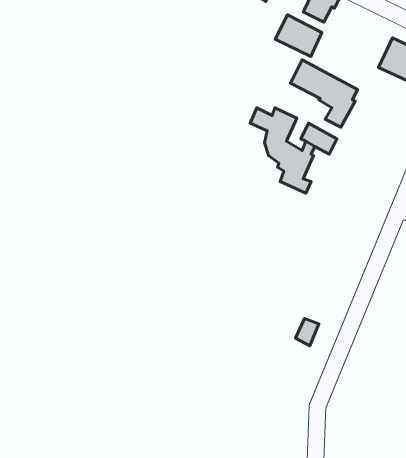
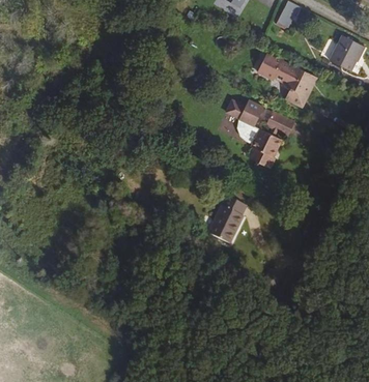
building: [275,15,322,56] -> none
building: none -> [206,194,247,252]

